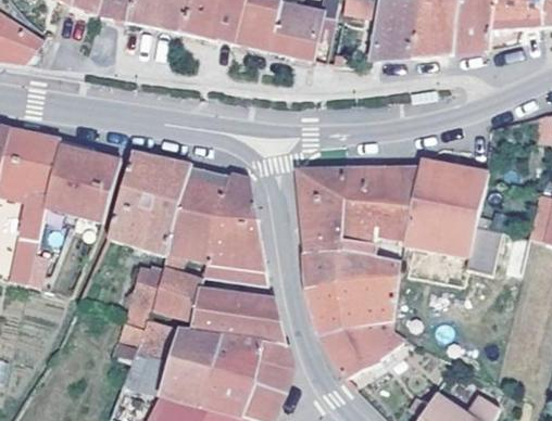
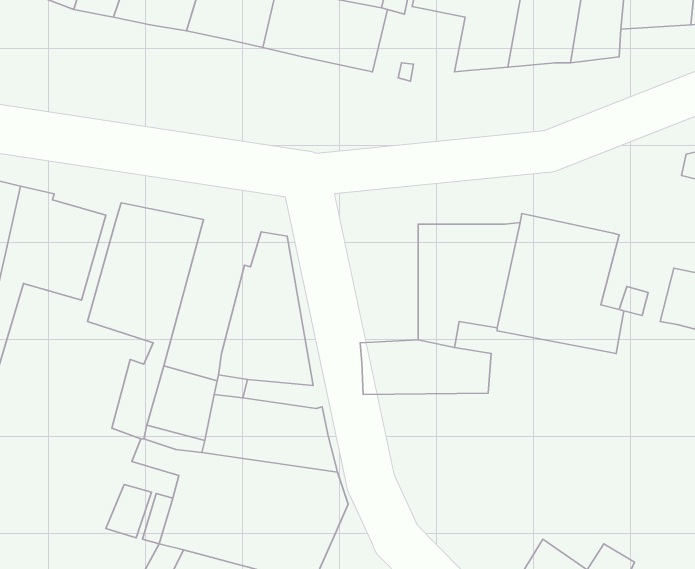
building: [163,164,233,272] -> none
building: [296,167,344,252] -> none
building: [305,288,400,378] -> none

